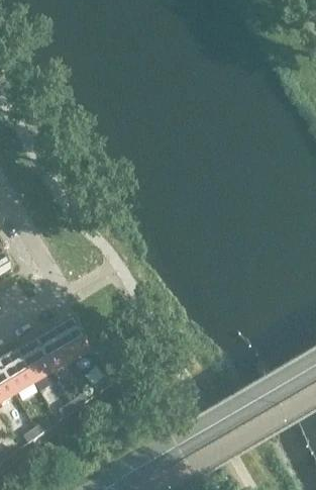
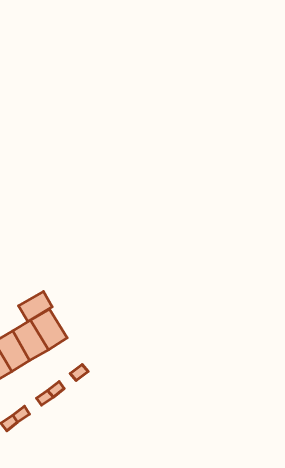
building: none -> [19,291,52,322]

